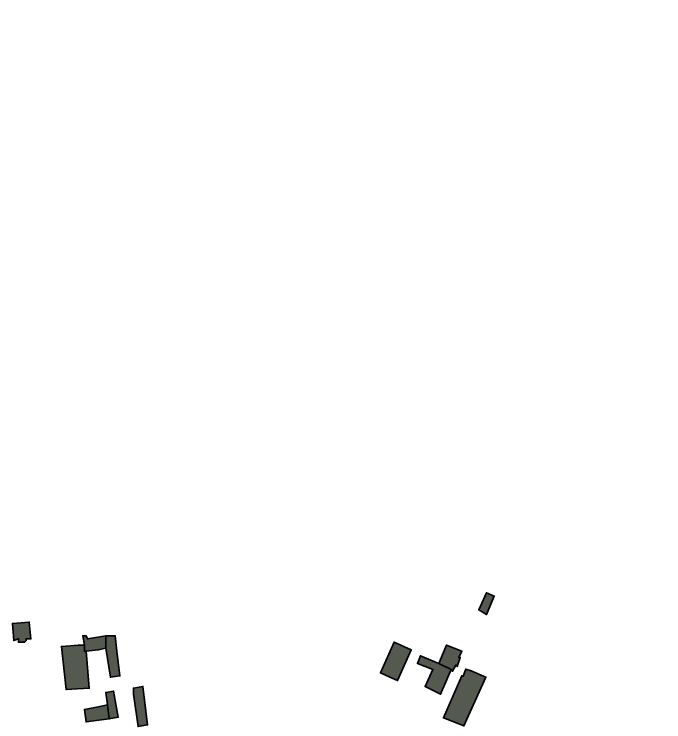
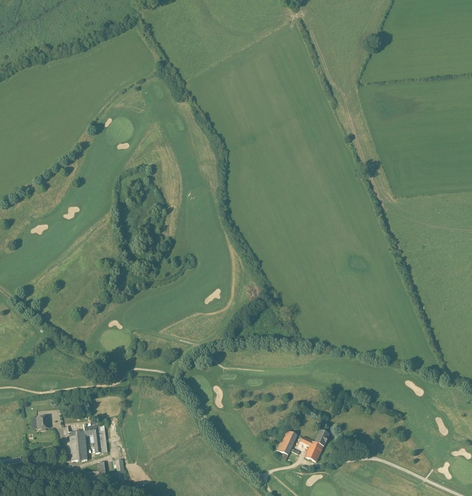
building: [444,669,486,726] -> none

